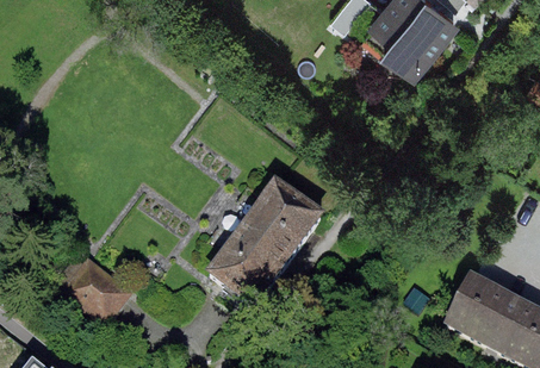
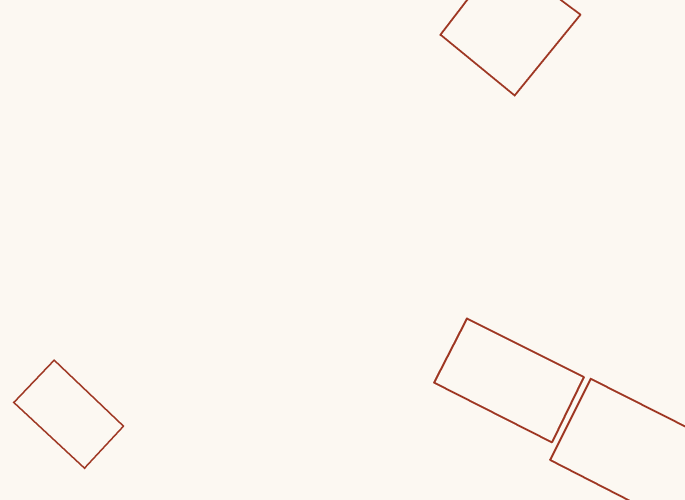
building: [205,170,328,305] -> none
building: none -> [434,318,584,442]

